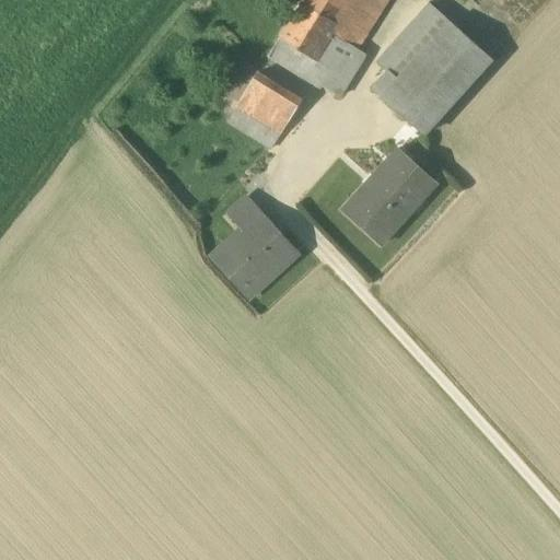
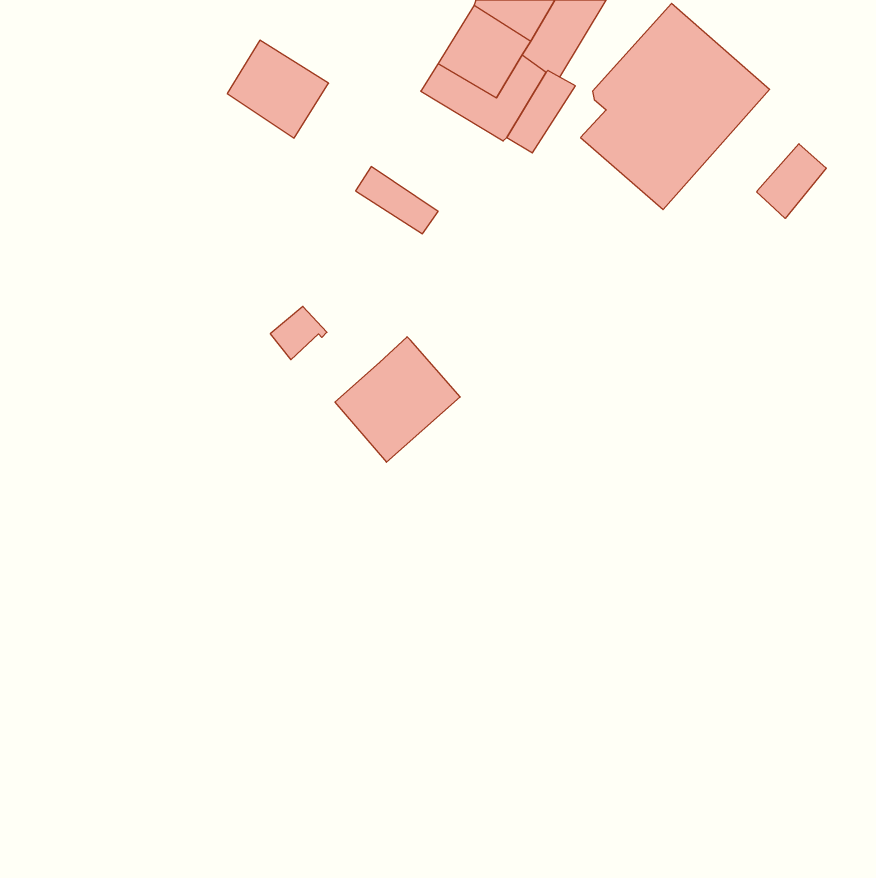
building: [237,72,302,135] -> [227,40,329,138]
building: none -> [757,144,826,218]
building: [342,148,438,245] -> none
building: [230,197,266,231] -> [270,306,327,360]

